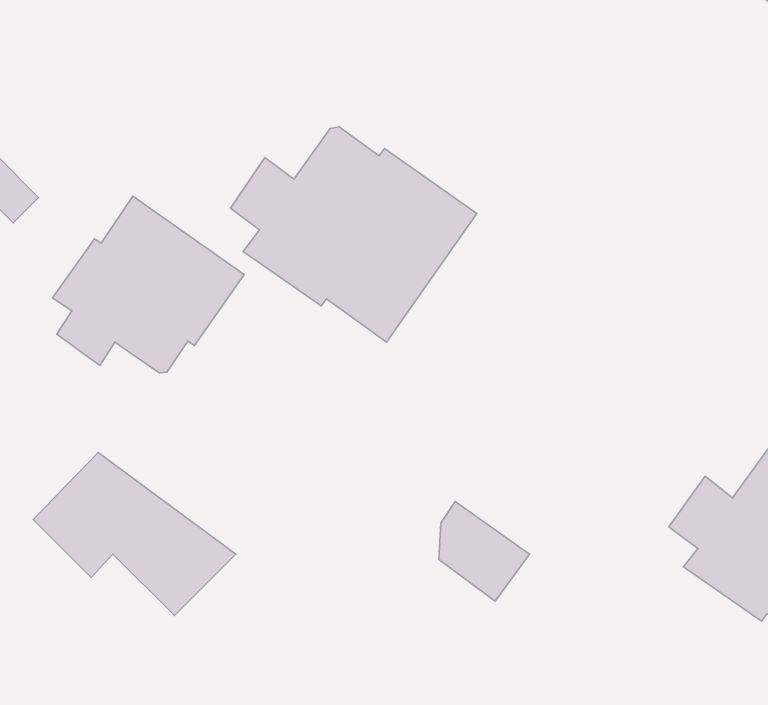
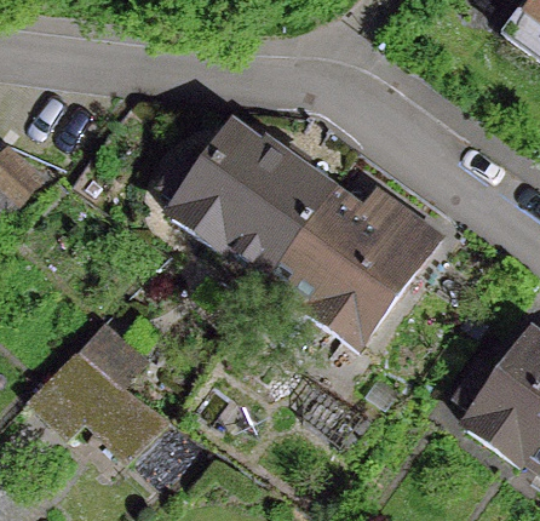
building: [52,196,244,373] -> none
building: none -> [270,185,437,343]

